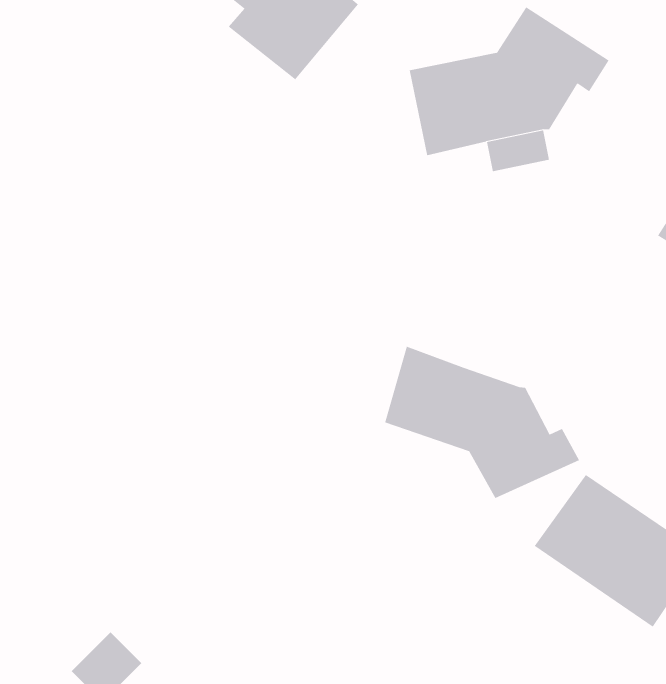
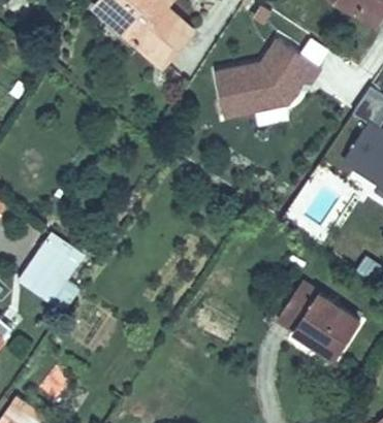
building: [384,346,580,499] -> none
building: none -> [20,227,86,304]

